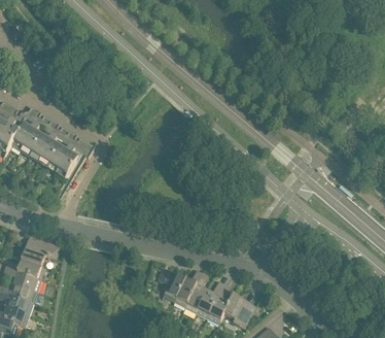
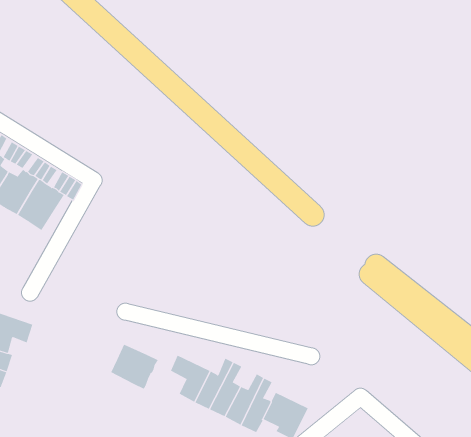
building: none -> [110,344,158,390]

